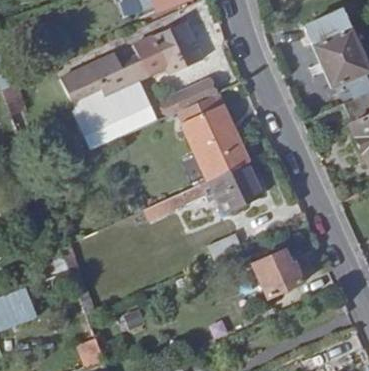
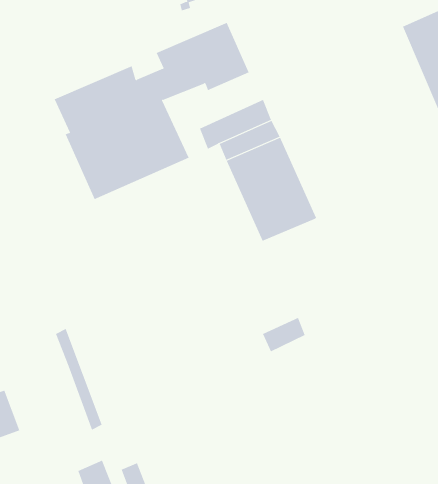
building: [145,164,260,218] -> none
building: [252,252,301,297] -> none

